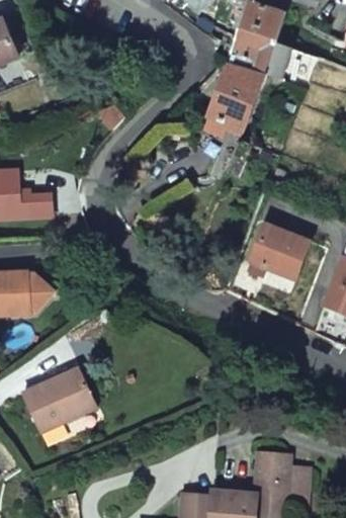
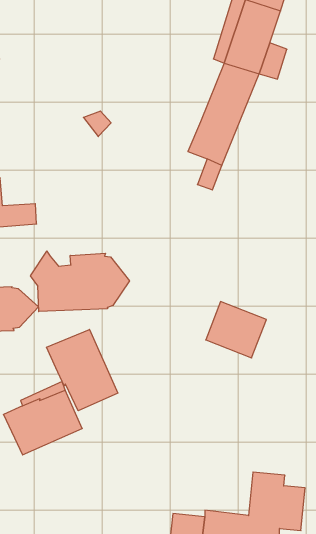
building: [252,224,310,277] -> [206,302,266,358]
building: none -> [31,251,129,312]
building: none -> [47,329,118,411]

